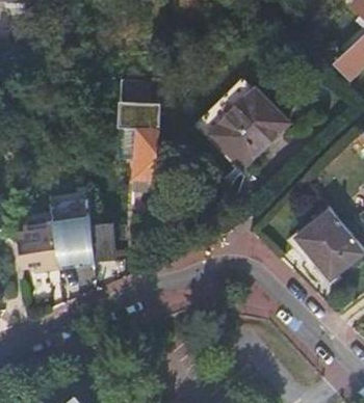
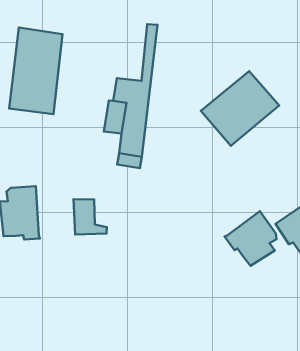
building: none -> [9,27,62,114]
building: [51,210,94,267] -> none
building: none -> [224,211,276,266]

